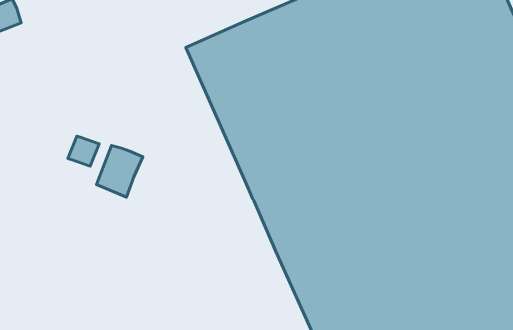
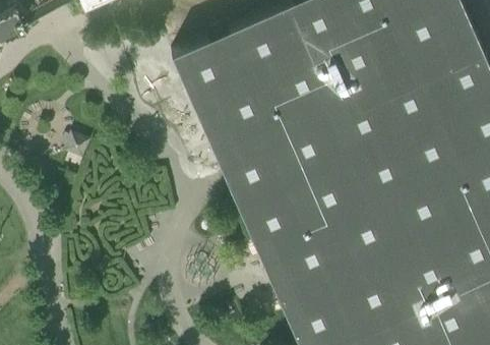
building: [97,145,143,197] -> none

